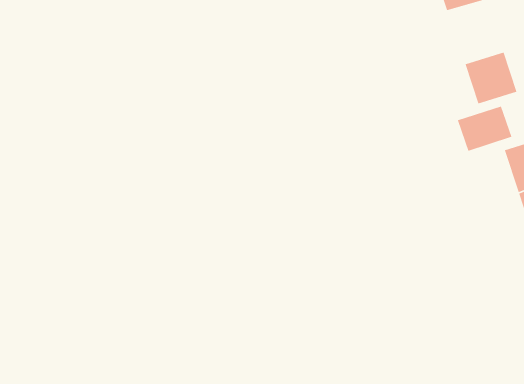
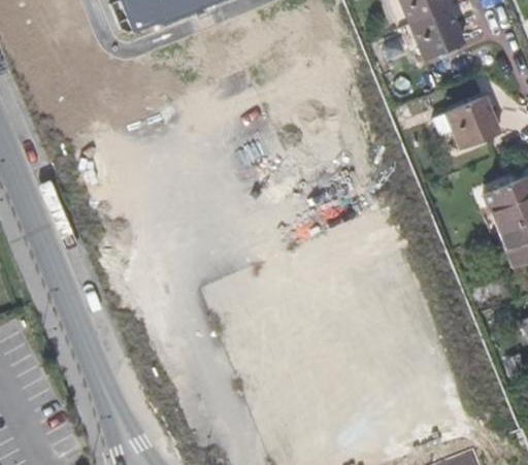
building: [457,105,512,152] -> none

